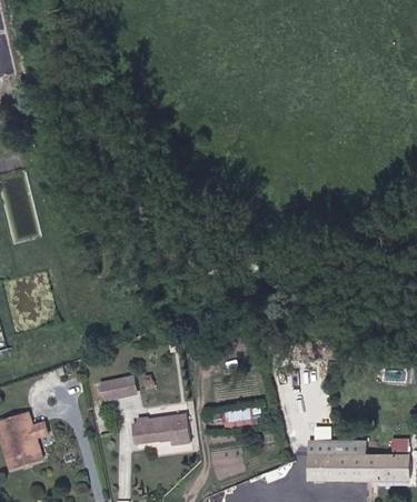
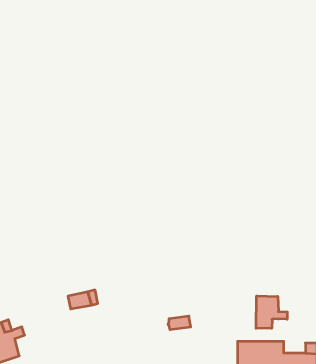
building: none -> [256,296,287,328]
building: [136,414,191,443] -> none

